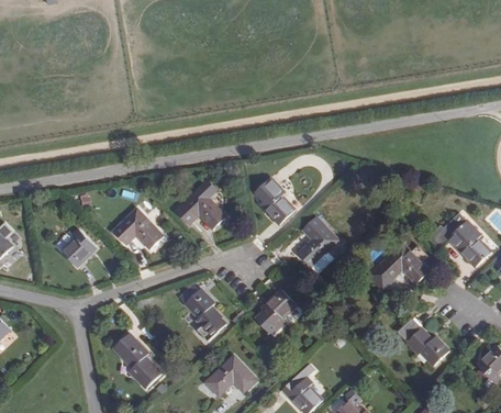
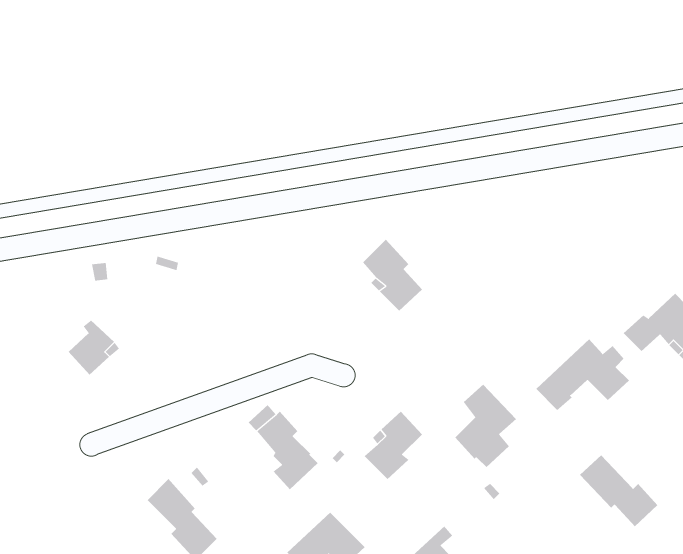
building: [177,189,226,230] -> none
building: [113,209,164,248] -> none
building: [298,217,338,272] -> [454,384,517,468]

